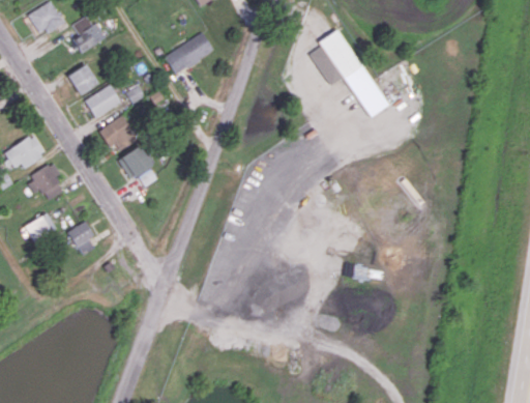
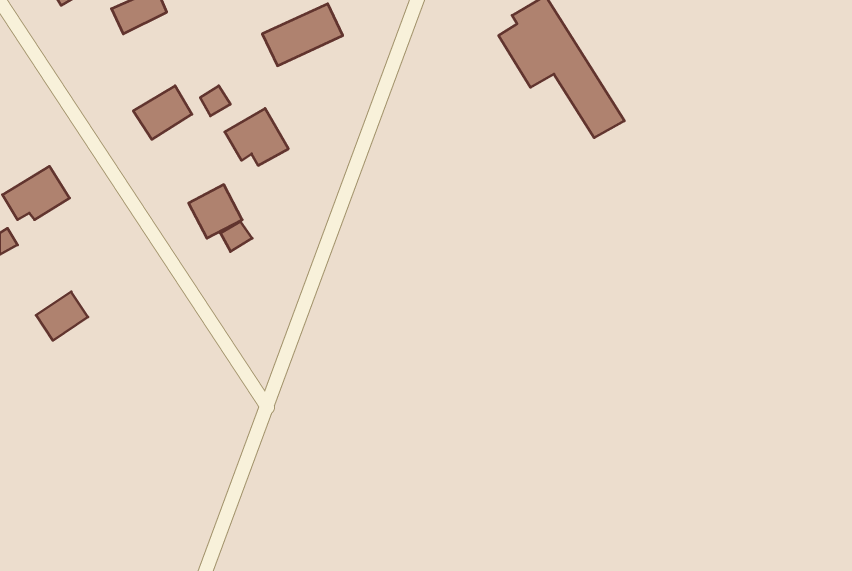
building: [68,64,98,94] -> none
building: [98,115,138,150] -> [225,108,288,165]
building: [27,163,64,200] -> none
building: [68,221,95,255] -> none

